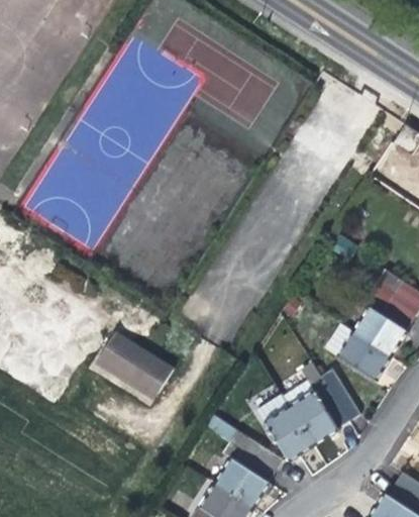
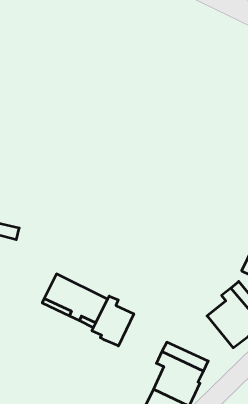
building: none -> [92,296,134,346]
building: [264,404,315,461] -> none

